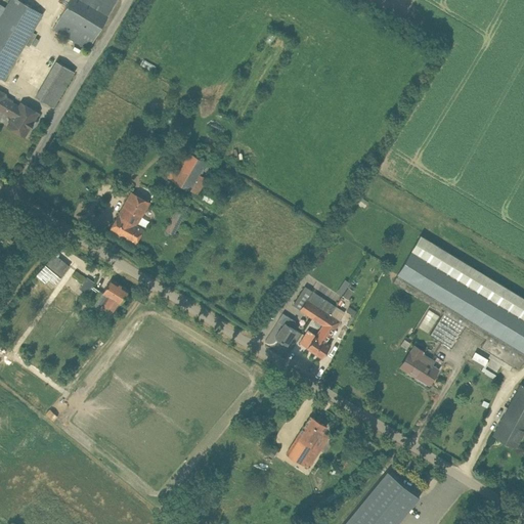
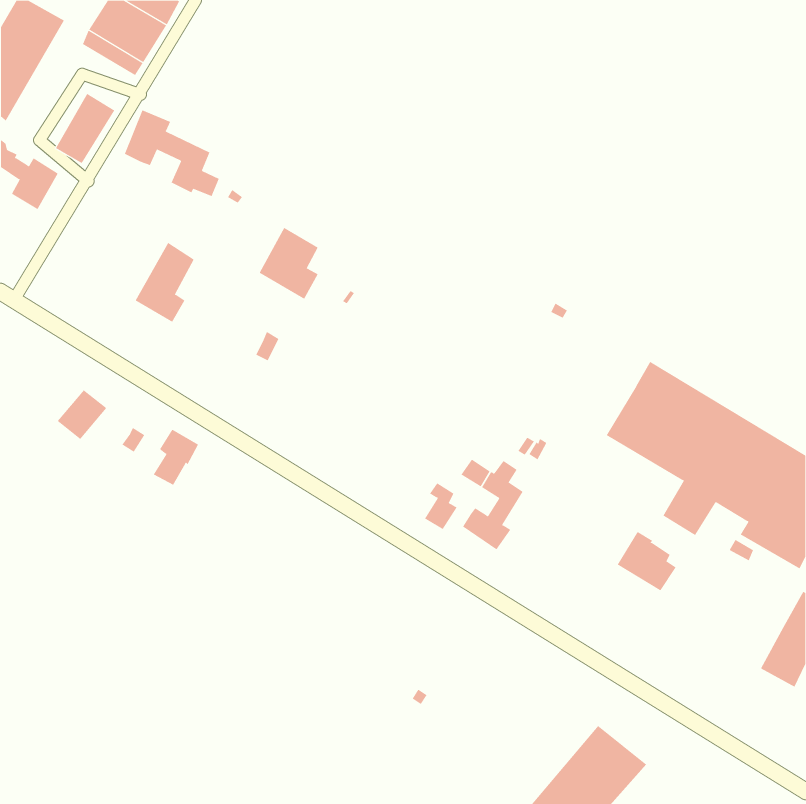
building: none -> [124,109,219,197]
building: [111,191,149,244] -> [135,242,195,323]
building: [287,417,331,469] -> none

